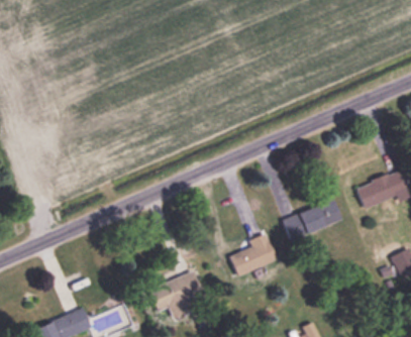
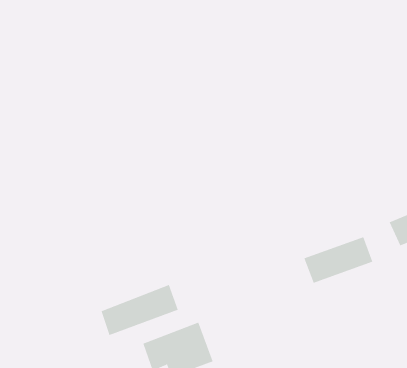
building: [230,234,277,275] -> none
building: none -> [101,284,178,336]

